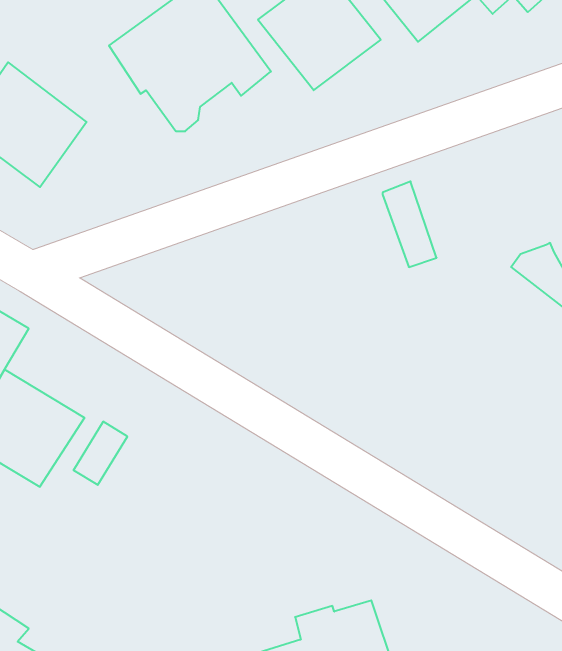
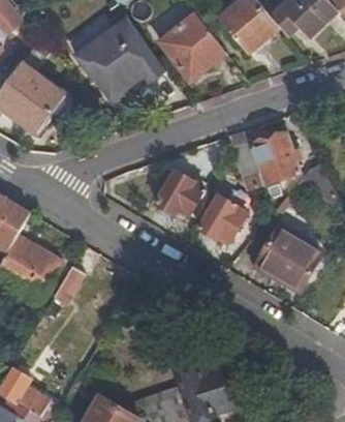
building: none -> [250,132,296,205]
building: none -> [155,172,201,215]
building: none -> [197,197,244,240]
building: none -> [255,228,320,290]

